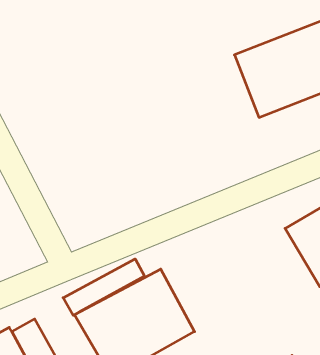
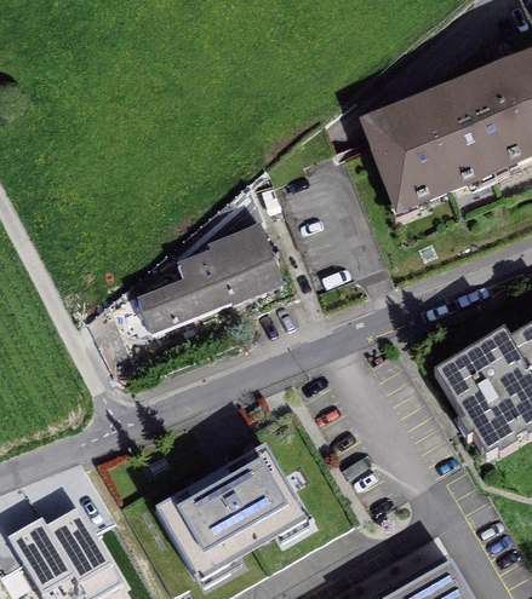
building: none -> [137,220,285,334]
building: [63,259,144,315] -> none

